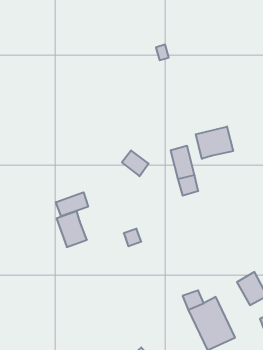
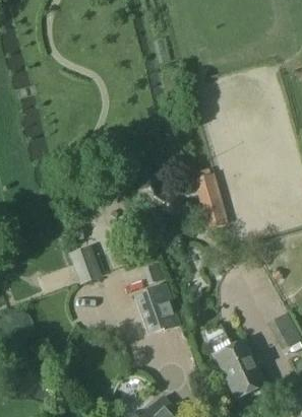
building: [196,126,233,159] -> none
building: [56,192,88,216] -> none
building: none -> [133,282,180,336]

